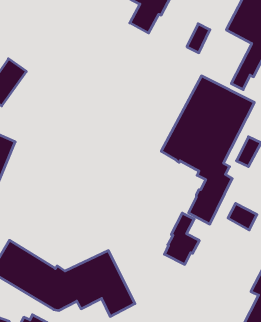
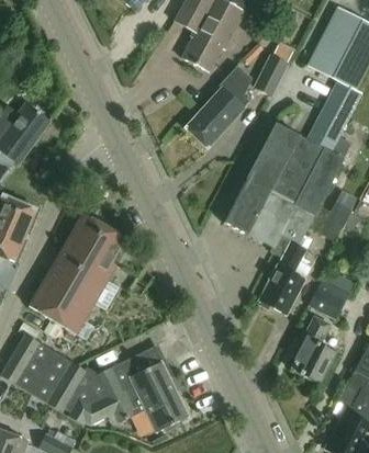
building: none -> [186,66,253,147]
building: none -> [30,212,126,332]
building: [164,213,199,264] -> [292,317,337,383]

